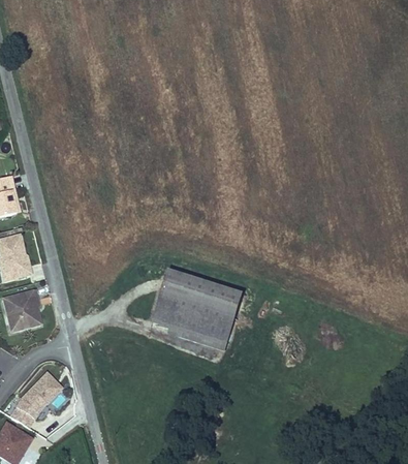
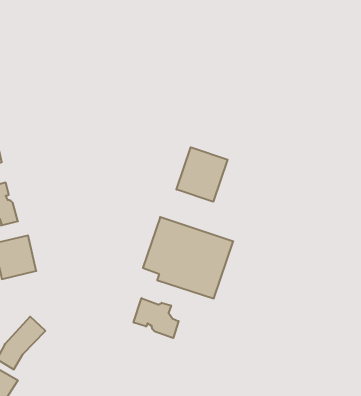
building: none -> [176,147,228,202]
building: none -> [134,298,179,338]

